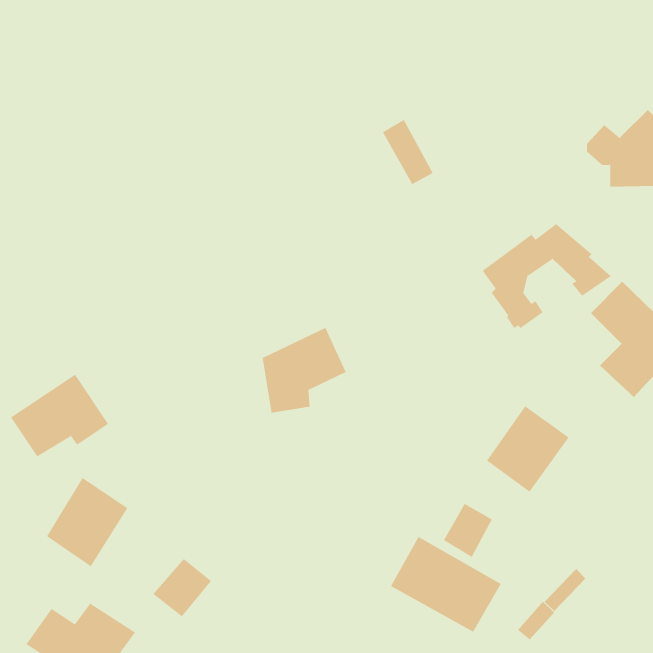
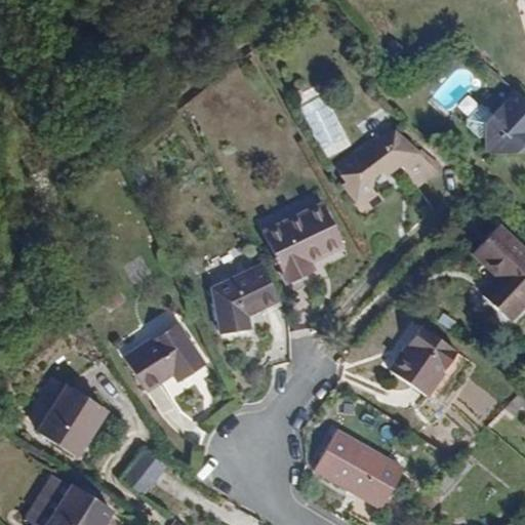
building: [482,224,611,329] -> [335,129,439,213]
building: none -> [265,203,344,282]
building: [10,374,109,457] -> [124,322,203,389]
building: [443,503,493,558] -> none

